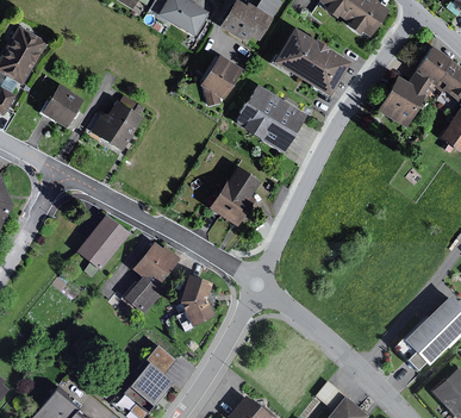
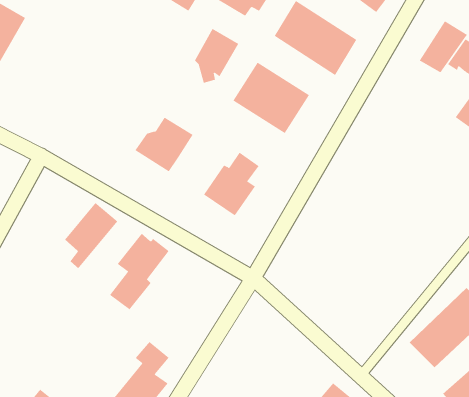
building: [380,77,429,126] -> none
building: [38,87,80,131] -> none
building: [87,102,142,154] -> [134,117,194,172]
building: [180,274,216,324] -> none

